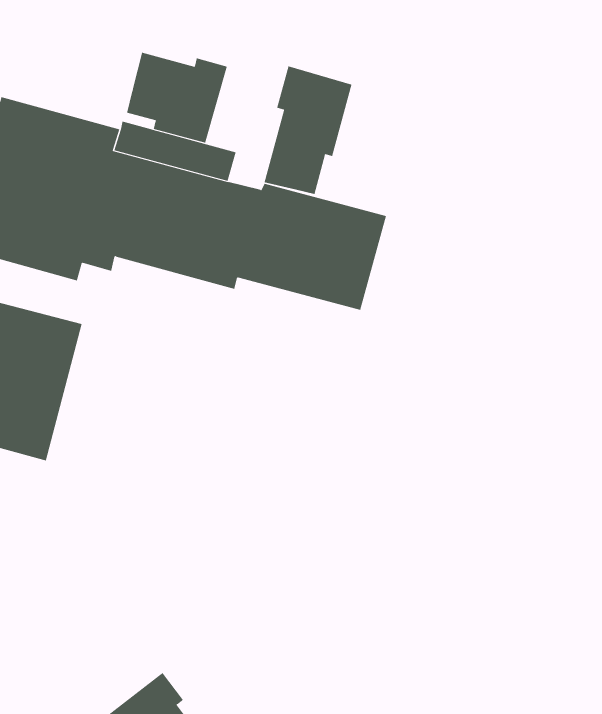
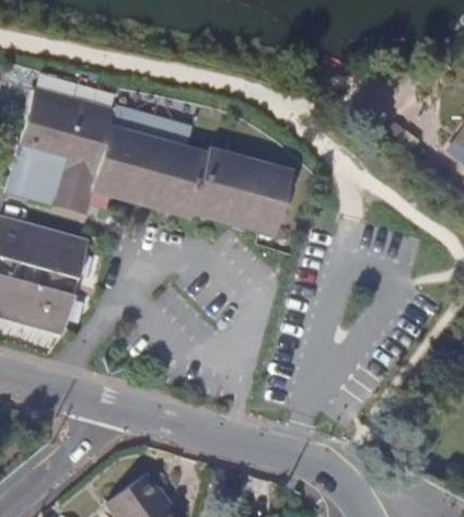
building: [126,52,227,144] -> none
building: [264,66,352,195] -> none

